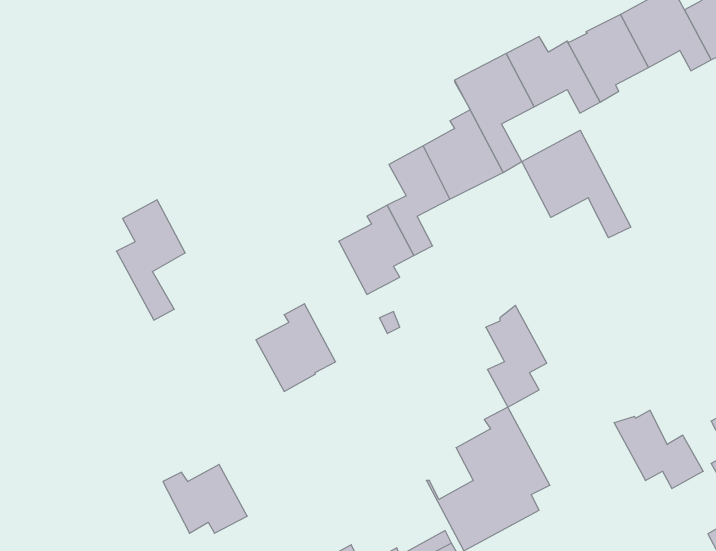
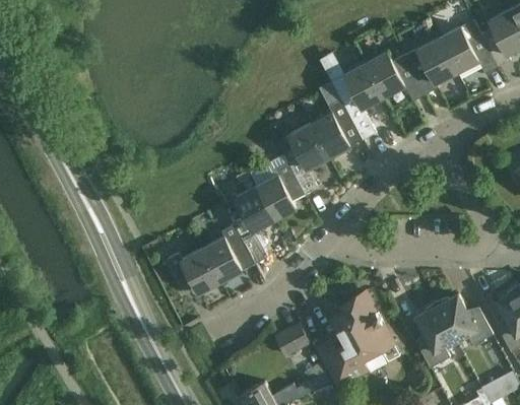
building: [522,130,631,238] -> none
building: [116,200,185,320] -> [231,184,275,262]
building: [486,305,547,407] -> [416,301,456,367]
building: none -> [276,323,310,354]
building: [163,464,247,533] -> [167,248,221,292]

